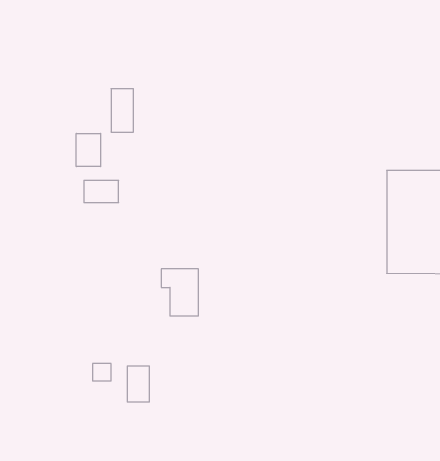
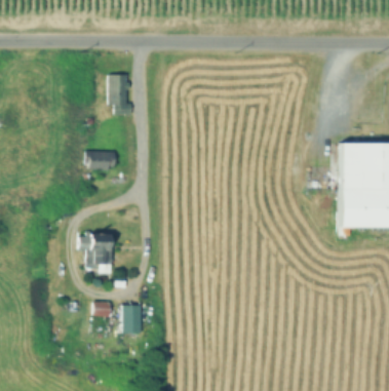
building: [76,133,101,167] -> none
building: [161,269,198,316] -> [81,234,112,273]

